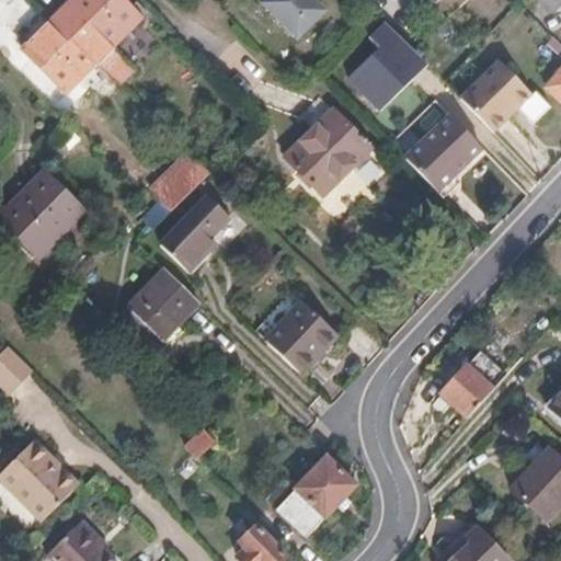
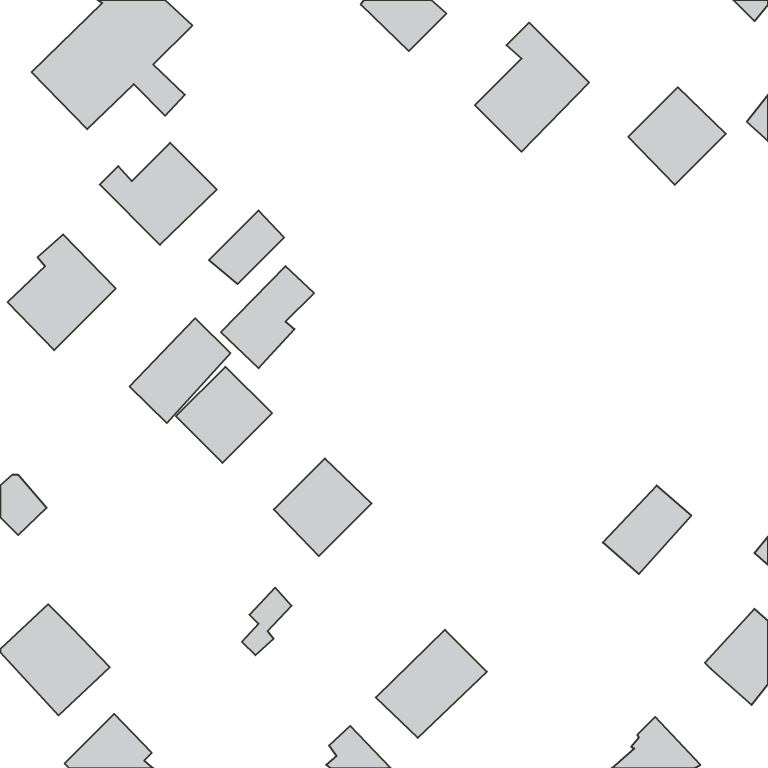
building: none -> [100,143,217,245]
building: [284,111,367,193] -> none
building: [402,119,476,192] -> none
building: none -> [130,318,230,423]
building: [265,301,336,373] -> [274,458,372,556]

